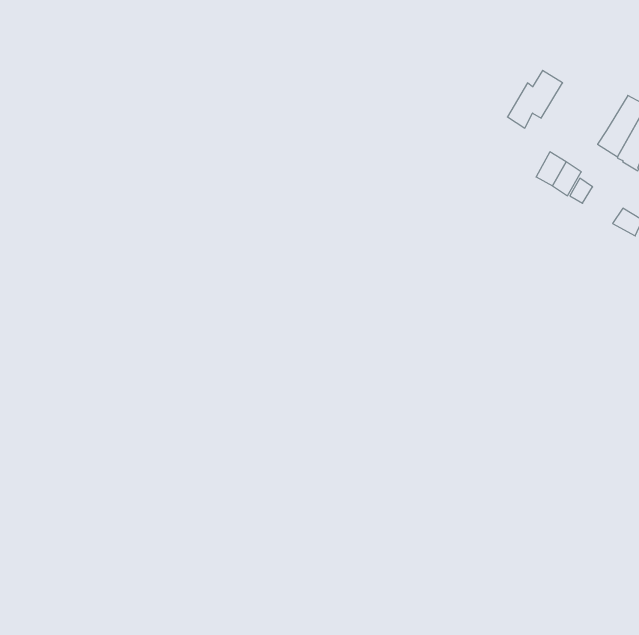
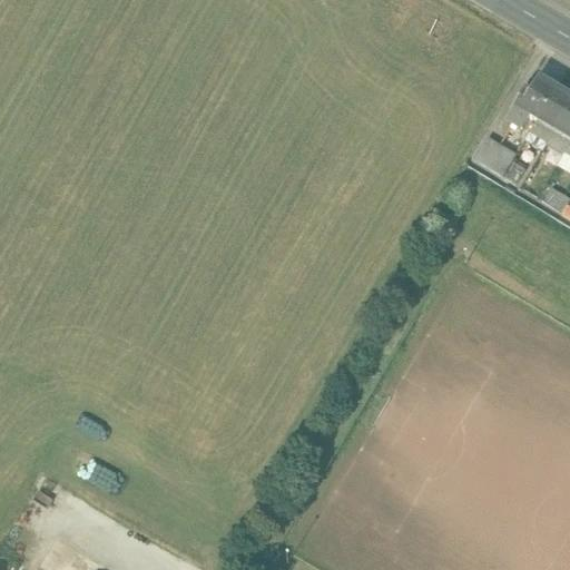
building: [507,70,563,128] -> [510,73,559,125]

